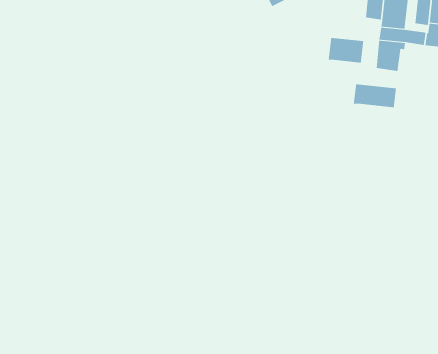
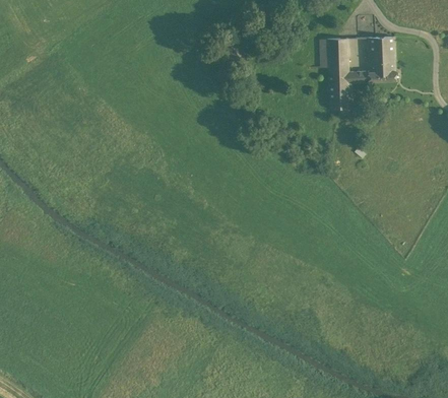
building: [328,37,364,63] -> none
building: [353,84,397,108] -> none

